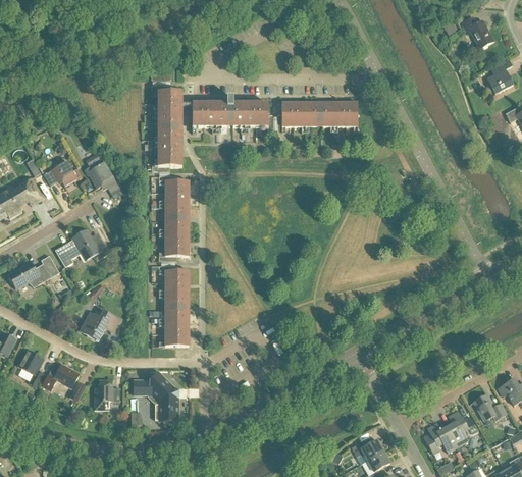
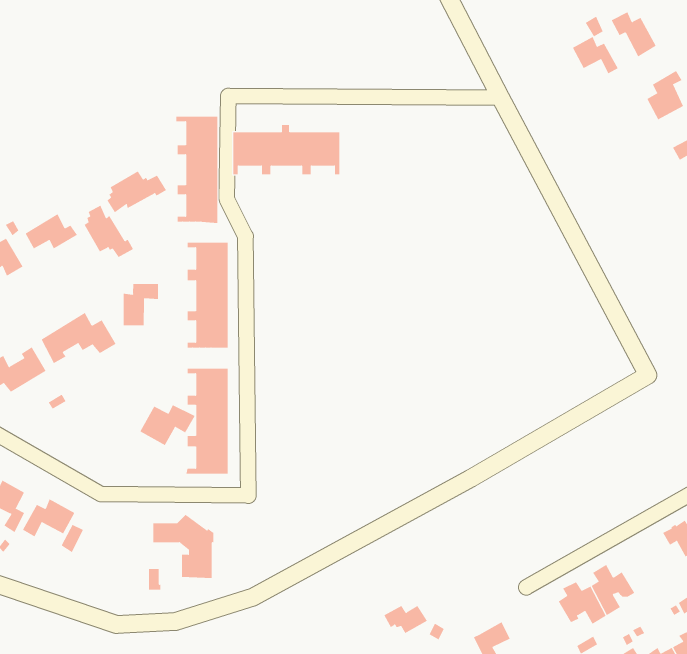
building: none -> [572,36,618,74]
building: [281,102,357,132] -> none
building: none -> [107,171,167,213]
building: none -> [123,283,158,326]
building: [80,311,119,340] -> [140,404,195,446]
building: [94,379,120,410] -> none
building: [473,393,506,421] -> none
building: [352,439,383,460] -> [383,605,428,634]

